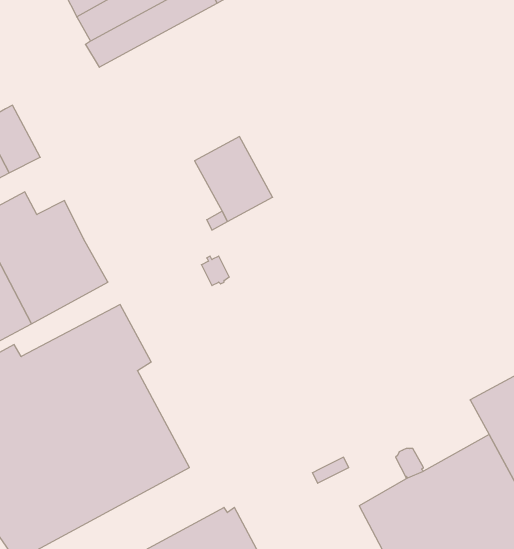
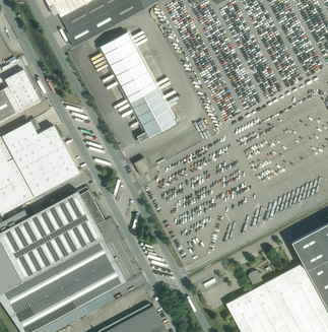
building: none -> [101,32,156,103]

